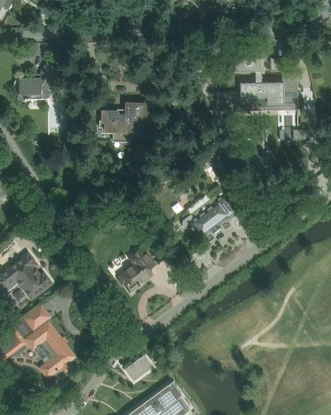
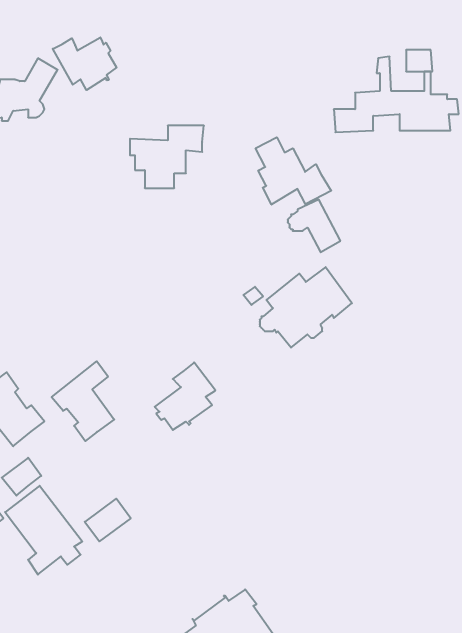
building: none -> [53,37,117,90]
building: none -> [256,137,331,205]
building: none -> [52,361,114,441]
building: [125,356,153,382] -> [85,499,131,541]

